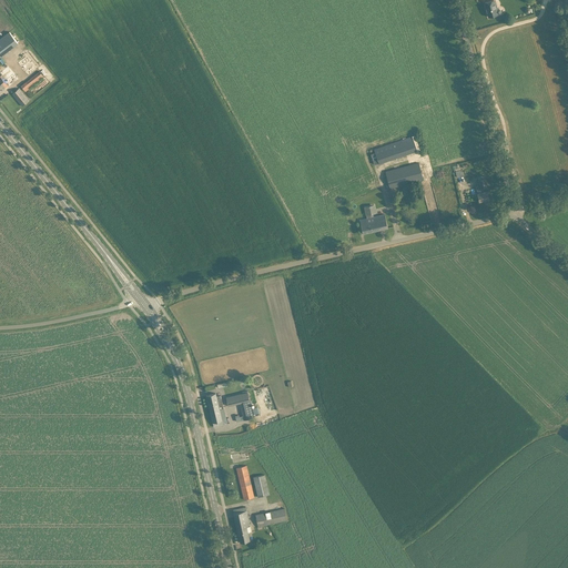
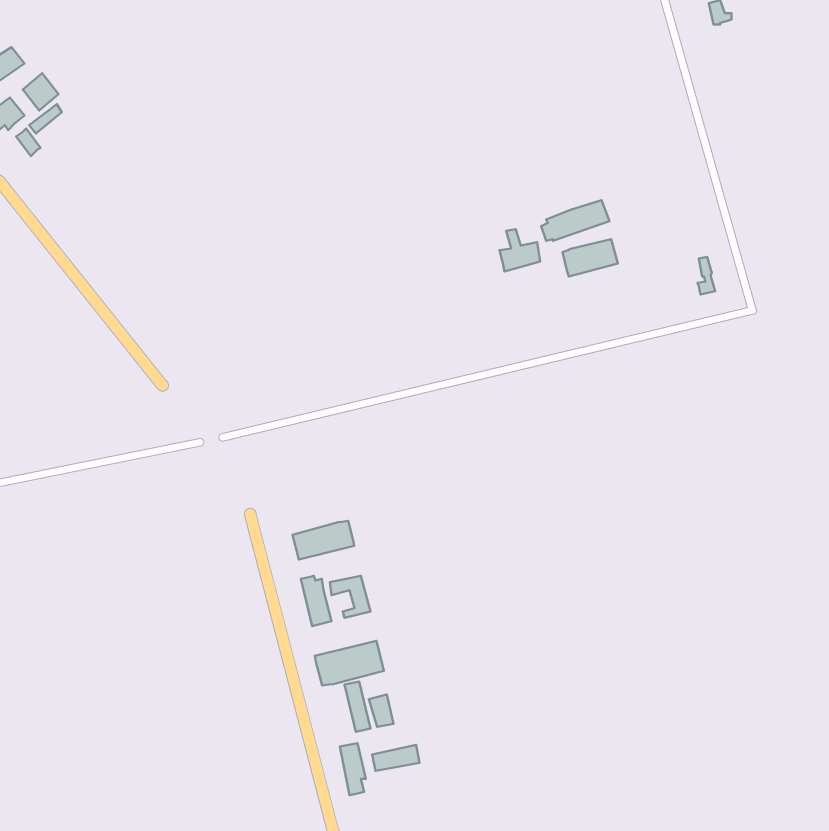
building: [358,205,386,234] -> [500,229,540,271]
building: none -> [293,521,354,560]
building: none -> [315,641,384,686]

